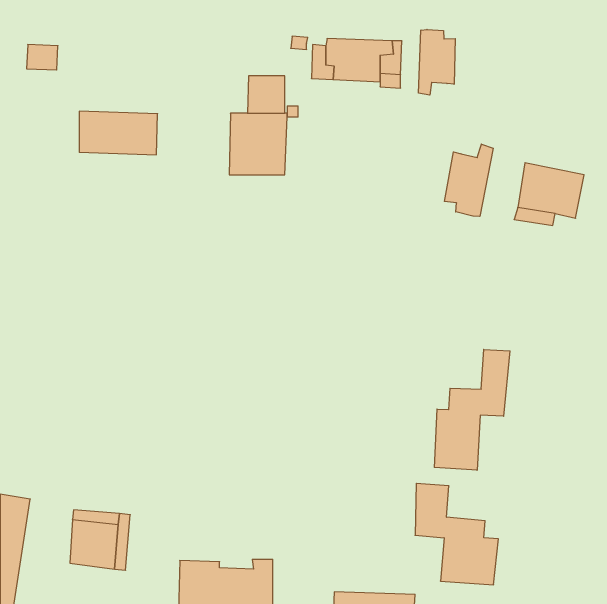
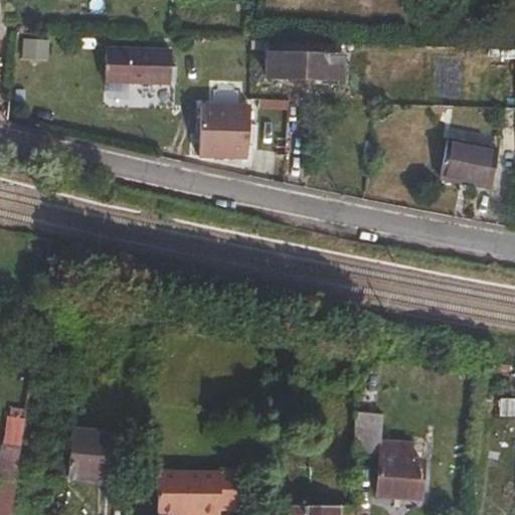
building: [419,29,455,95] -> none
building: [79,111,158,155] -> [104,47,169,83]
building: [444,144,493,216] -> none
building: [434,349,510,470] -> none

